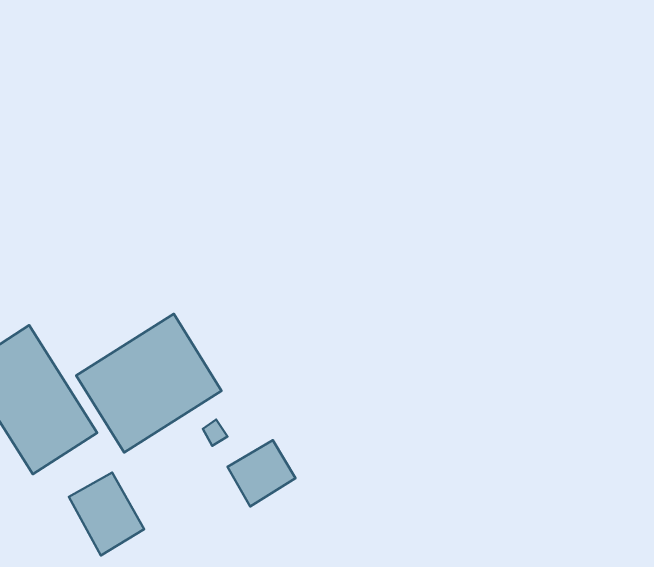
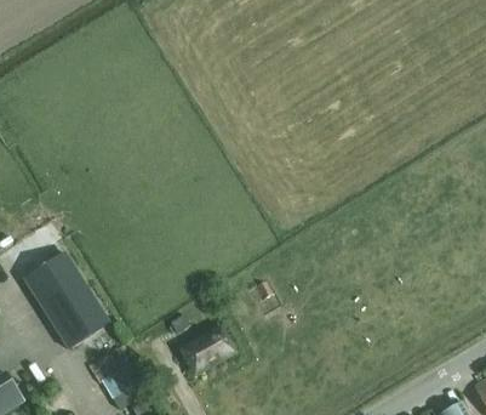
building: [76,314,222,452] -> none

